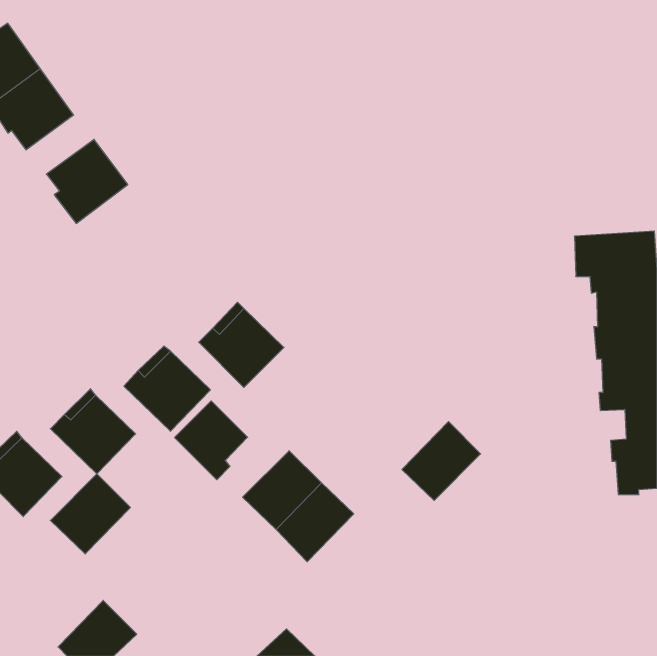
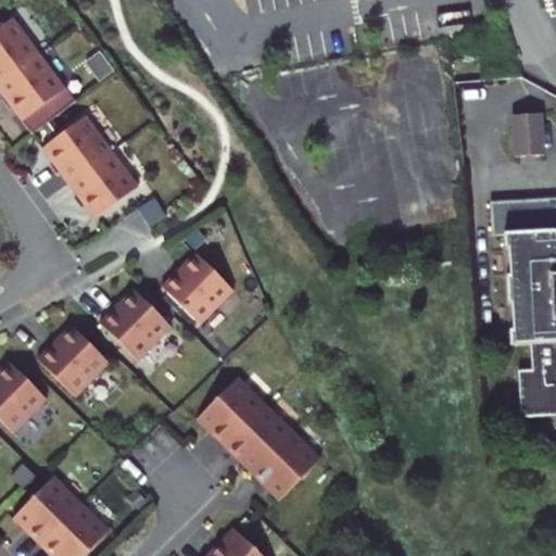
building: none -> [505,111,536,154]
building: none -> [64,155,136,224]
building: [175,401,248,480] -> none
building: [402,422,481,500] -> [258,432,325,498]
building: [50,474,130,554] -> [20,477,87,544]

